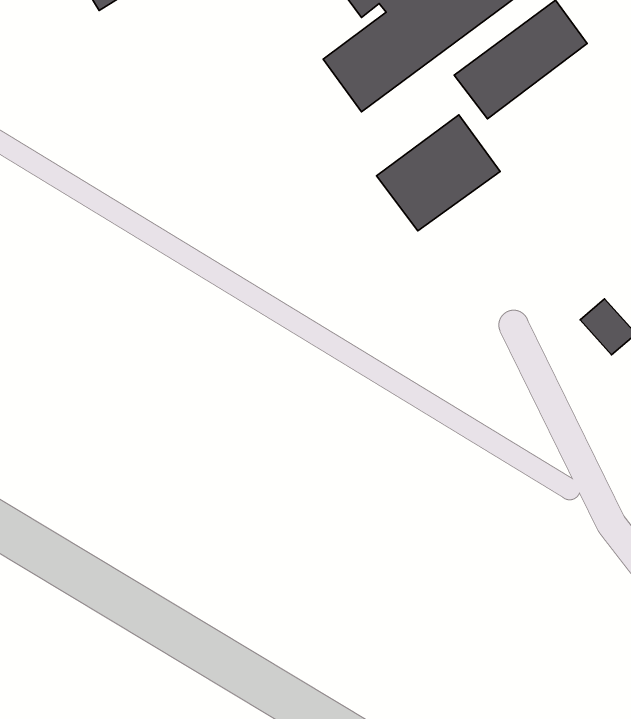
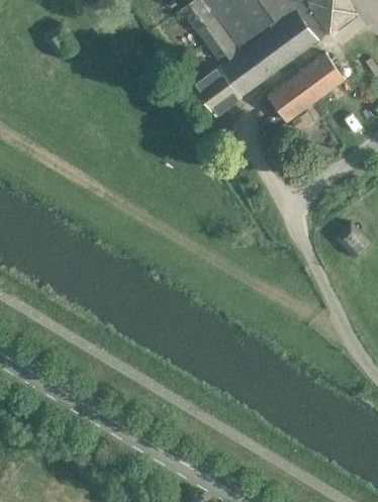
building: [376,115,500,231] -> none

